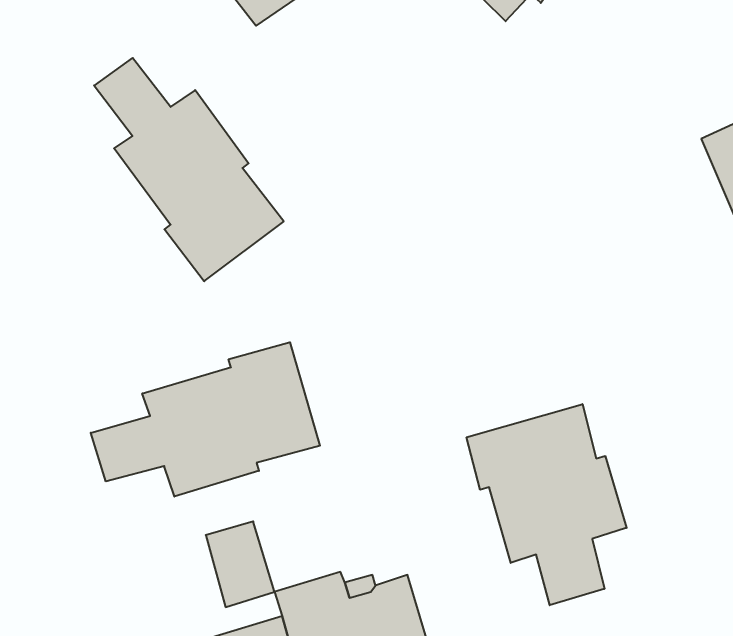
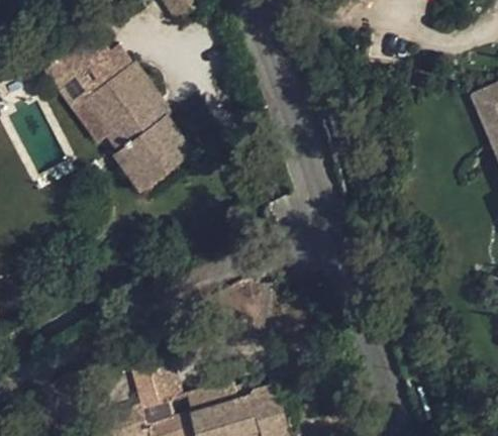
building: [91,342,320,497] -> none
building: [467,404,627,605] -> none

